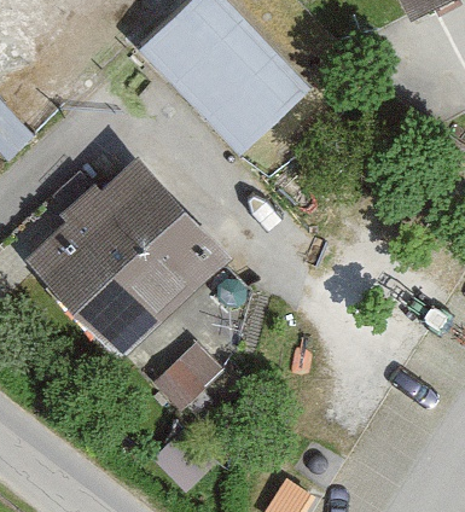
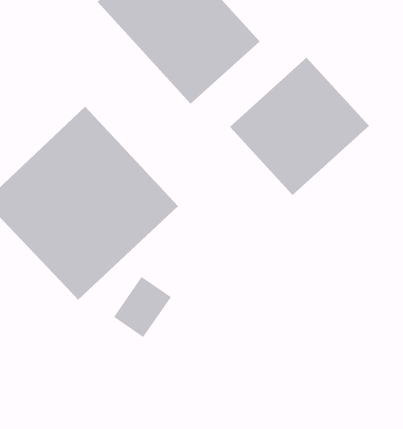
building: none -> [229,57,370,196]

